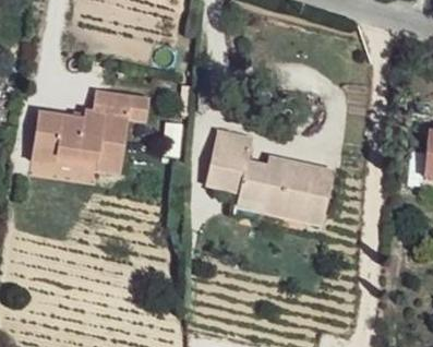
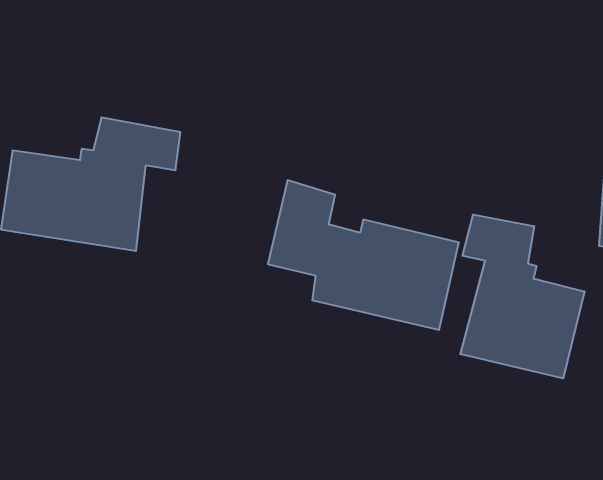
building: none -> [460,214,585,378]

